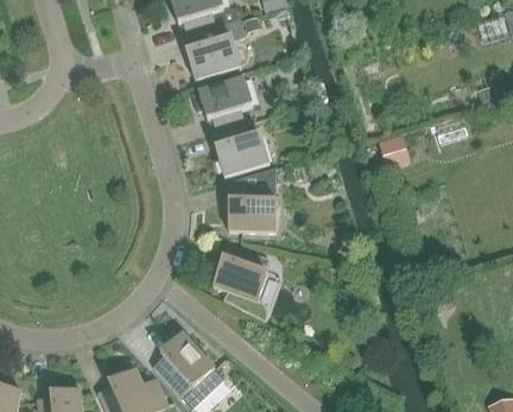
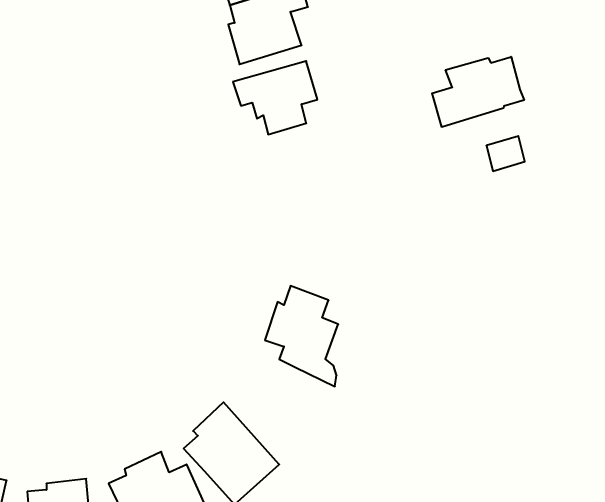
building: none -> [432,57,524,127]
building: [215,123,270,176] -> none
building: [228,166,277,230] -> none

